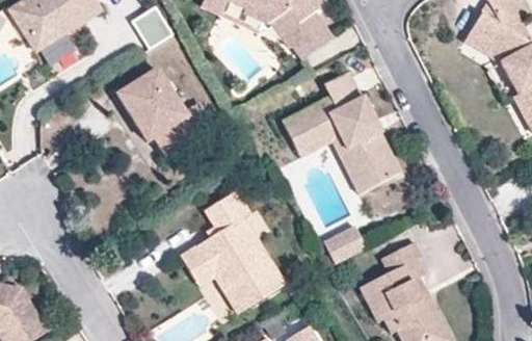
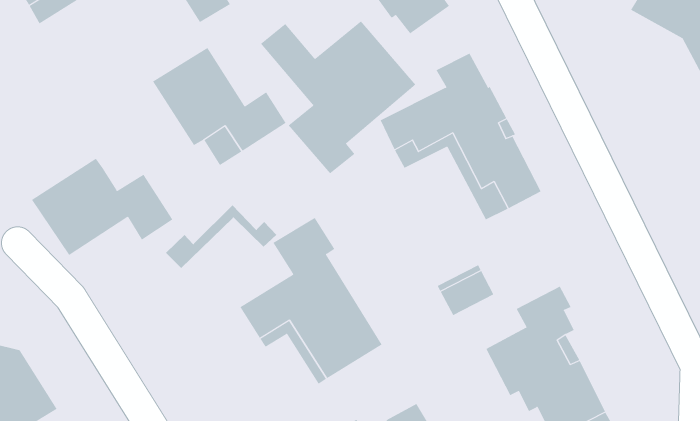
building: none -> [260,20,416,174]
building: none -> [31,158,173,256]
building: none -> [165,204,277,269]

